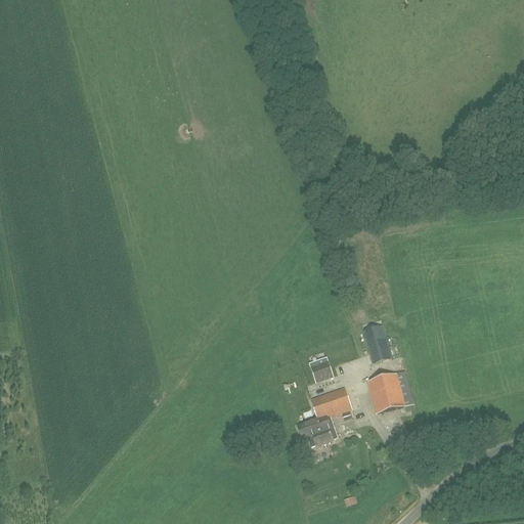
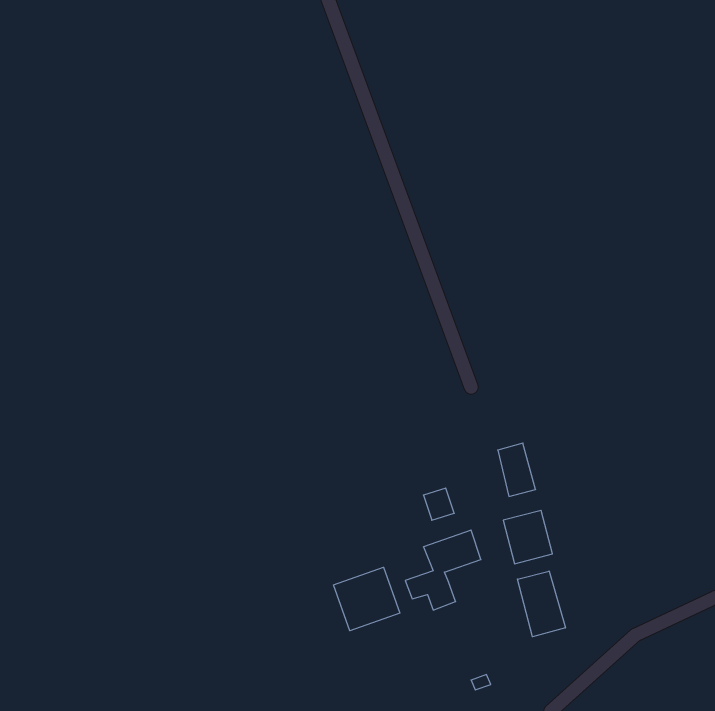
building: none -> [334,567,400,631]
building: none -> [517,571,565,637]

